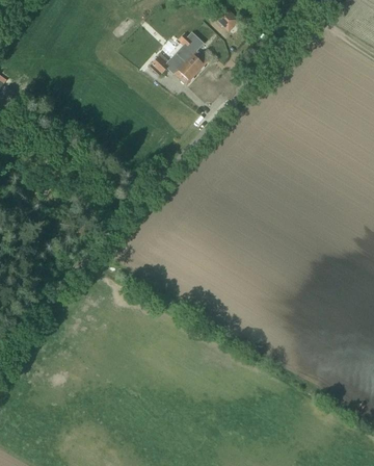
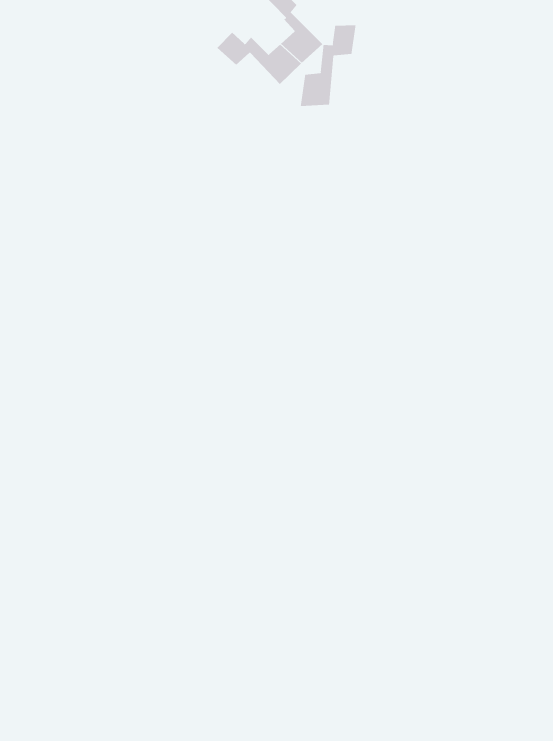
building: none -> [300,25,356,107]

